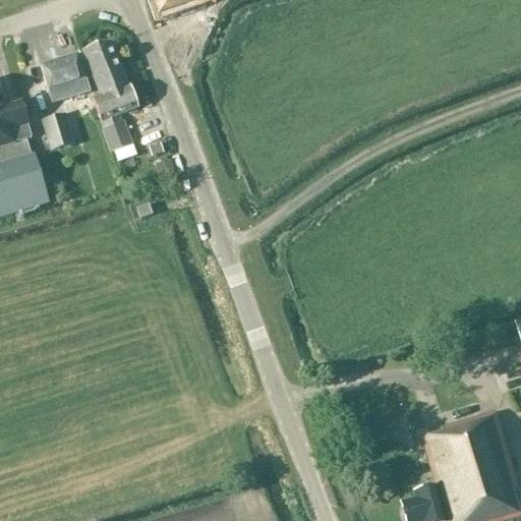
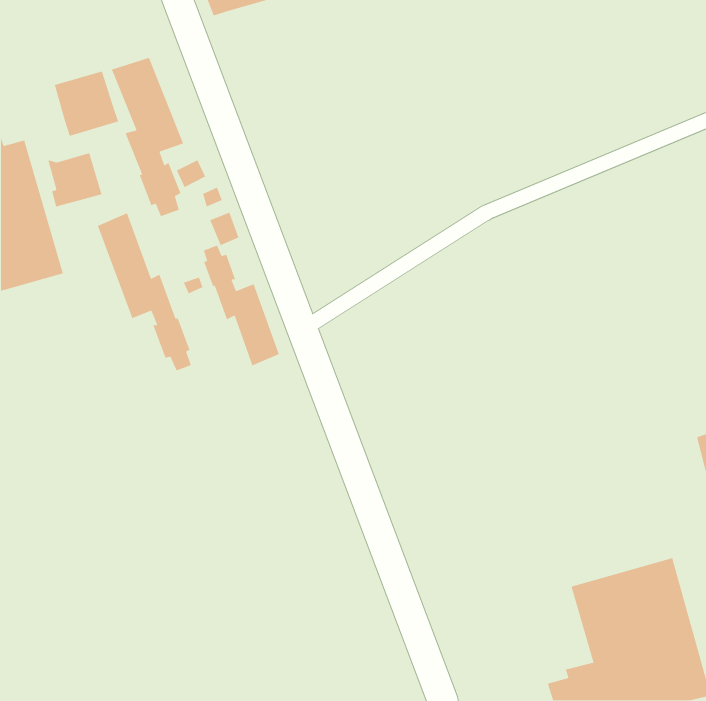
building: none -> [97,212,192,372]
building: none -> [203,244,280,367]

